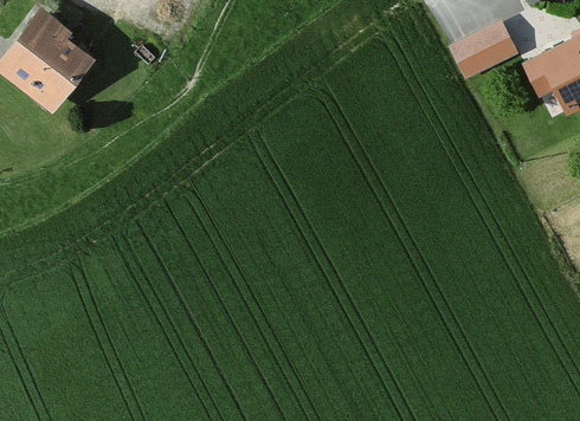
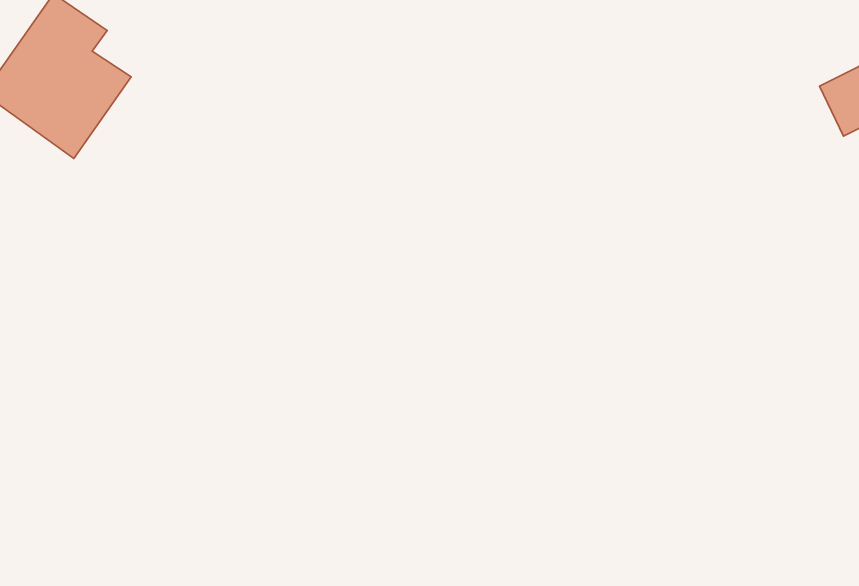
building: [442,18,520,83] -> none

